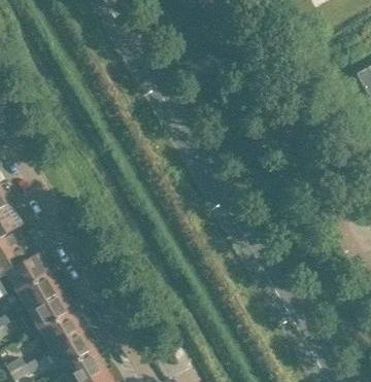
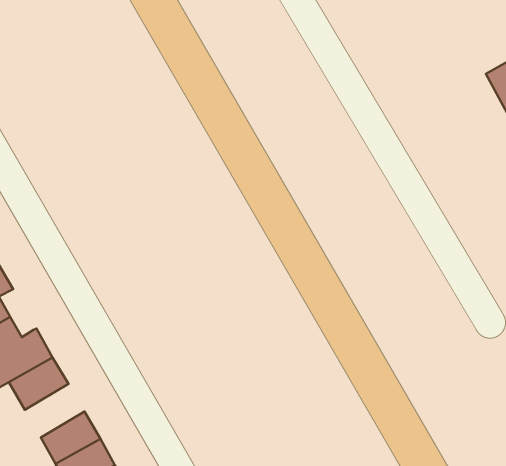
building: [20,291,71,335] -> none

